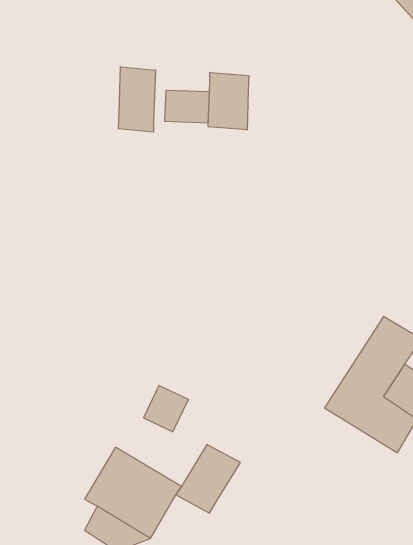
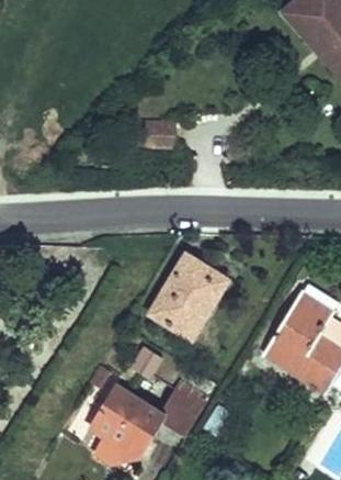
building: [118,67,155,132] -> none
building: [208,72,249,130] -> none
building: none -> [151,249,229,341]

